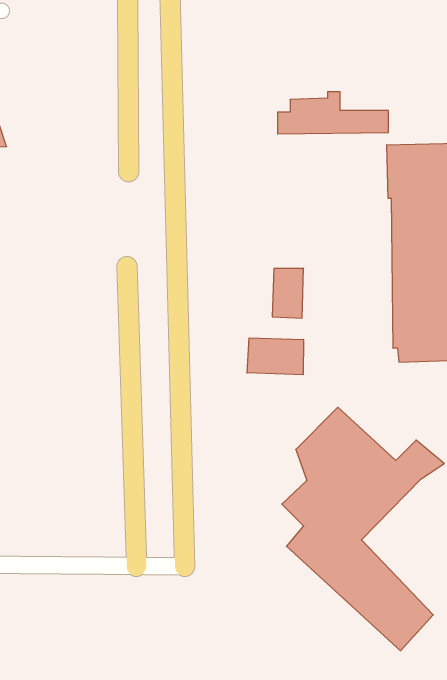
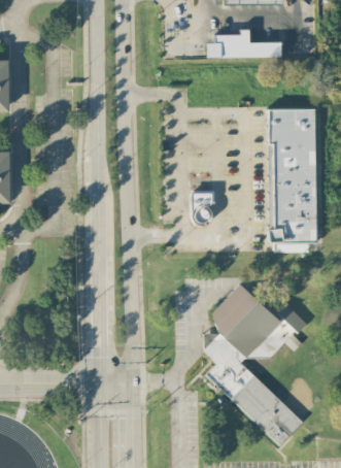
building: [278,92,388,134] -> [208,29,281,57]
building: [247,338,303,375] -> none

